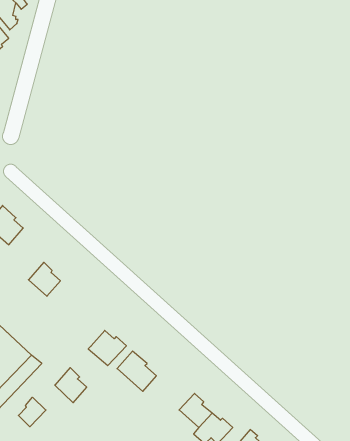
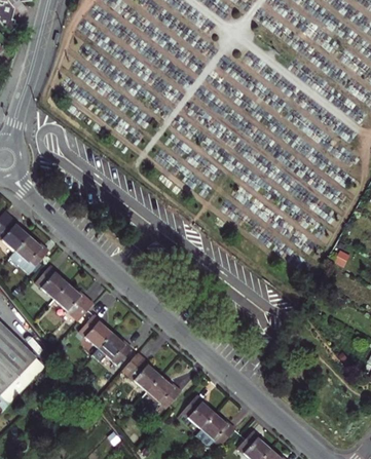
building: none -> [9,229,51,272]
building: none -> [49,281,89,318]
building: [55,368,87,403] -> [75,311,107,346]
building: none -> [145,376,179,407]
building: [18,397,46,427] -> none

